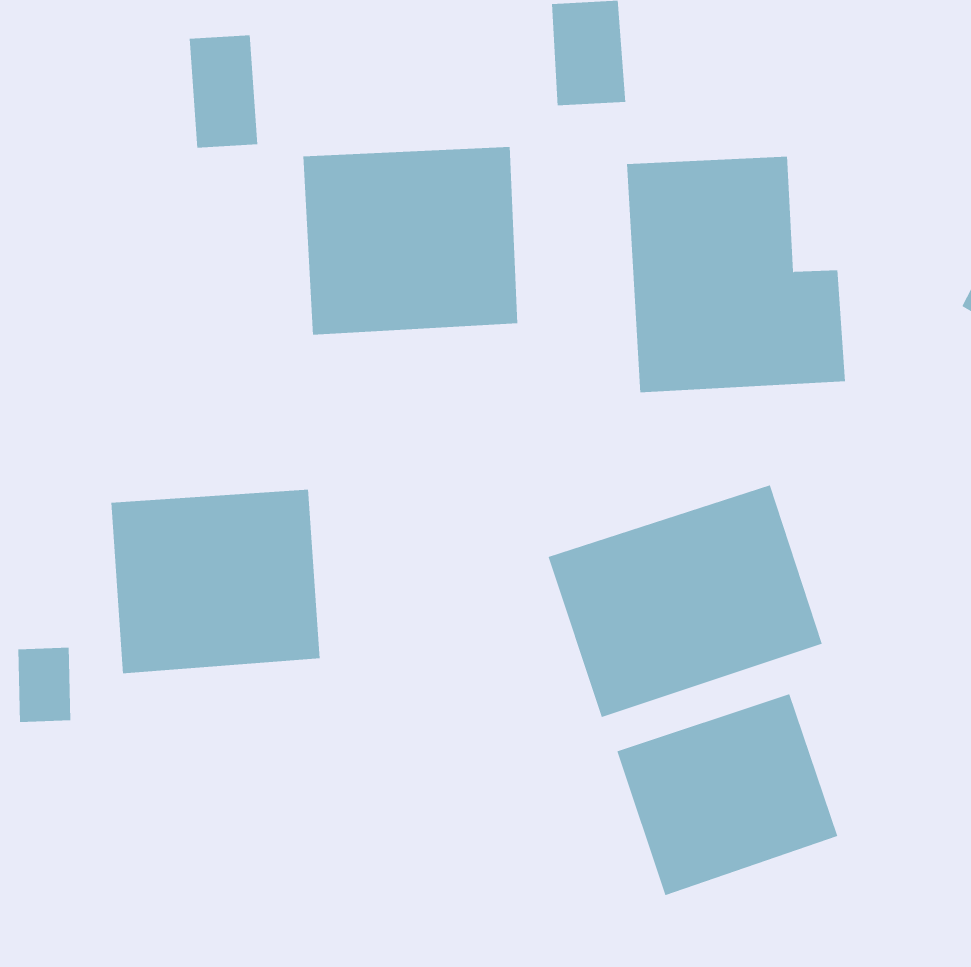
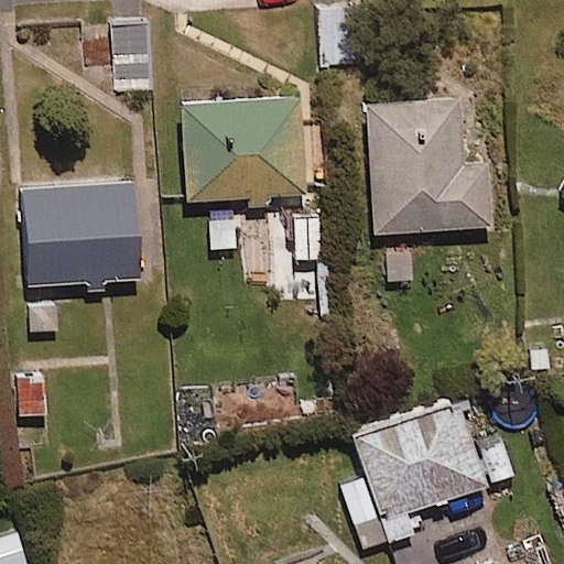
building: [548,485,823,718] -> none
building: [111,489,321,674] -> [20,182,140,288]

